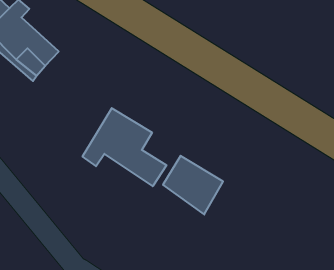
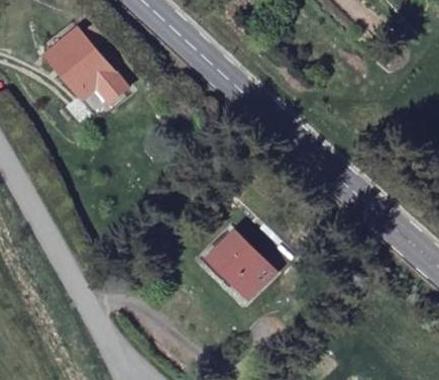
building: [83,108,166,186] -> none

